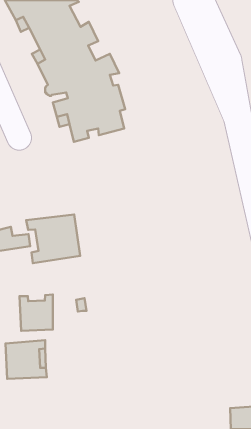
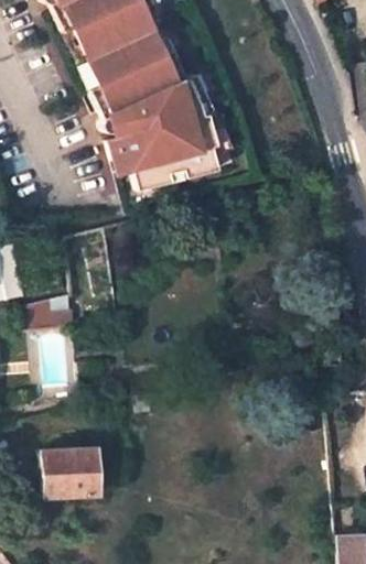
building: [26,215,80,263] -> none
building: [19,295,53,331] -> none

